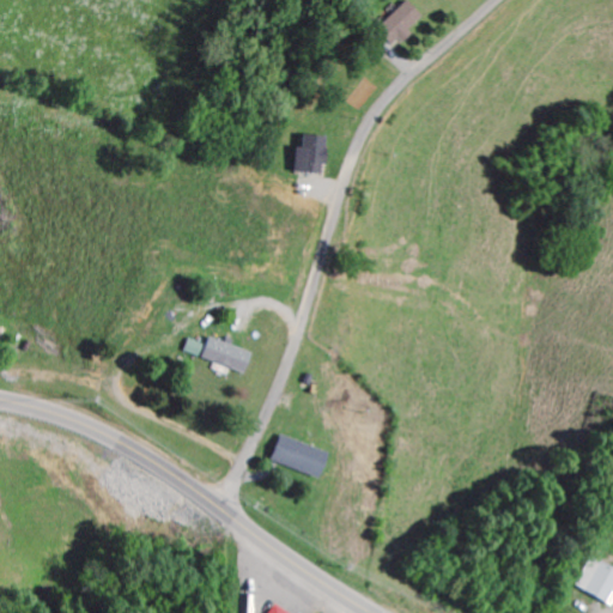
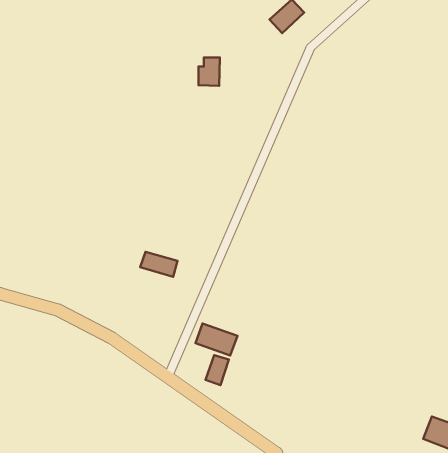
building: [296,134,324,172] -> [199,57,220,86]
building: none -> [206,355,229,385]

